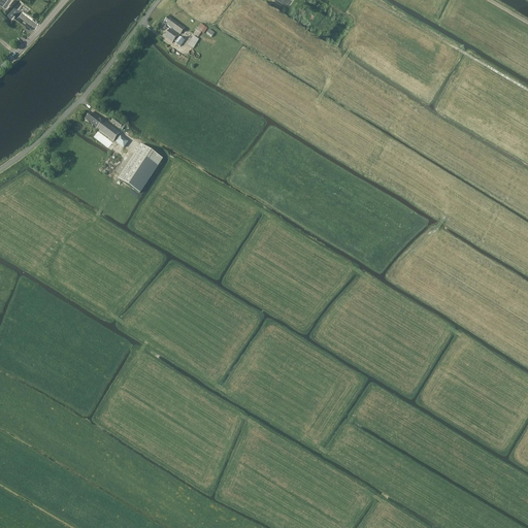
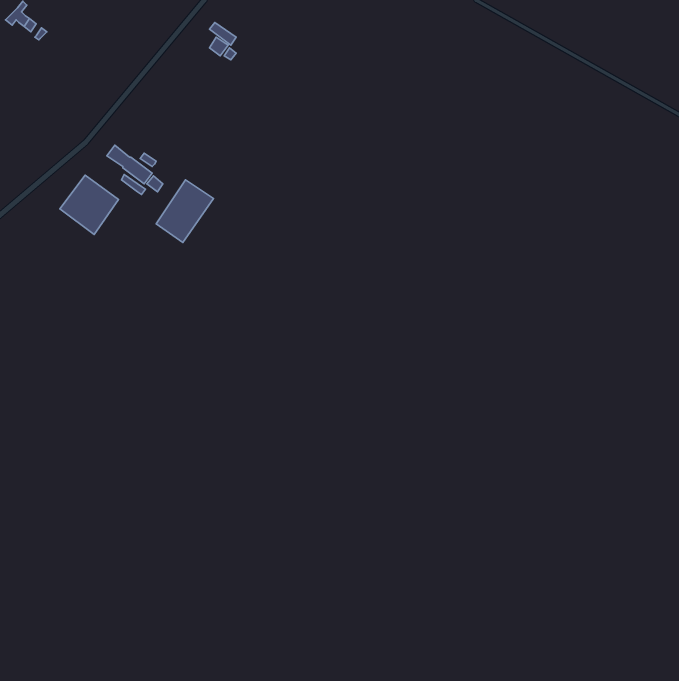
building: none -> [60,175,119,235]

